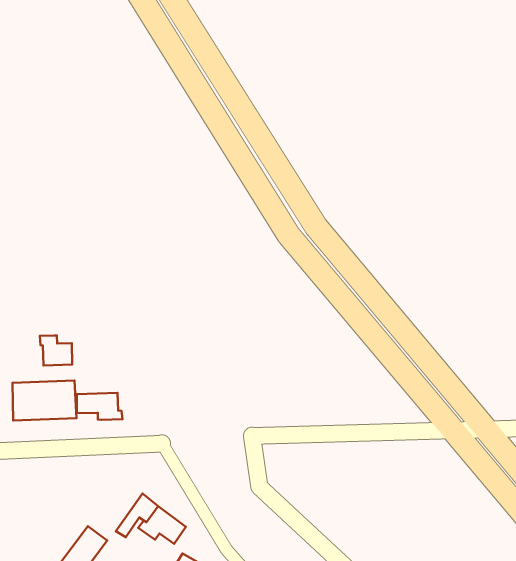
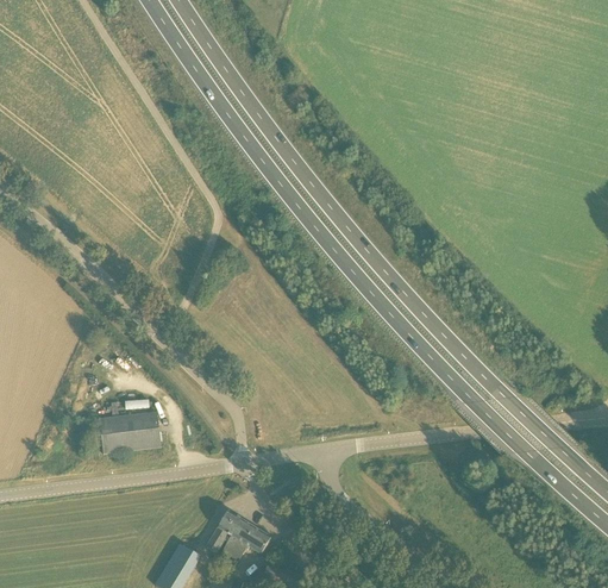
building: [40,335,72,366] -> none
building: [77,393,122,420] -> none

